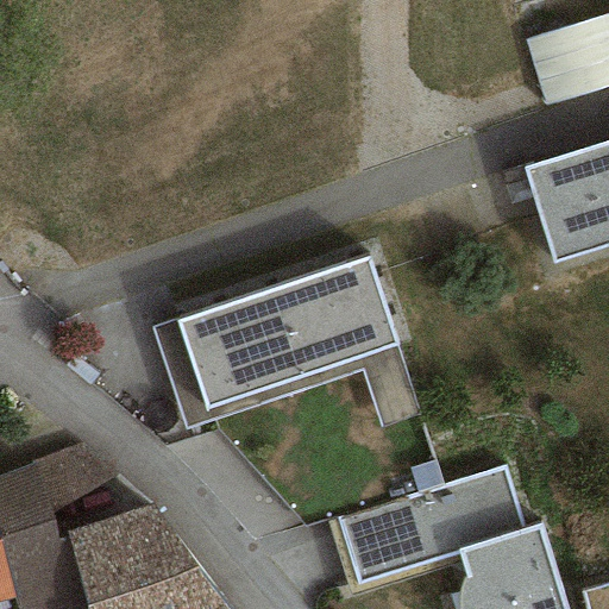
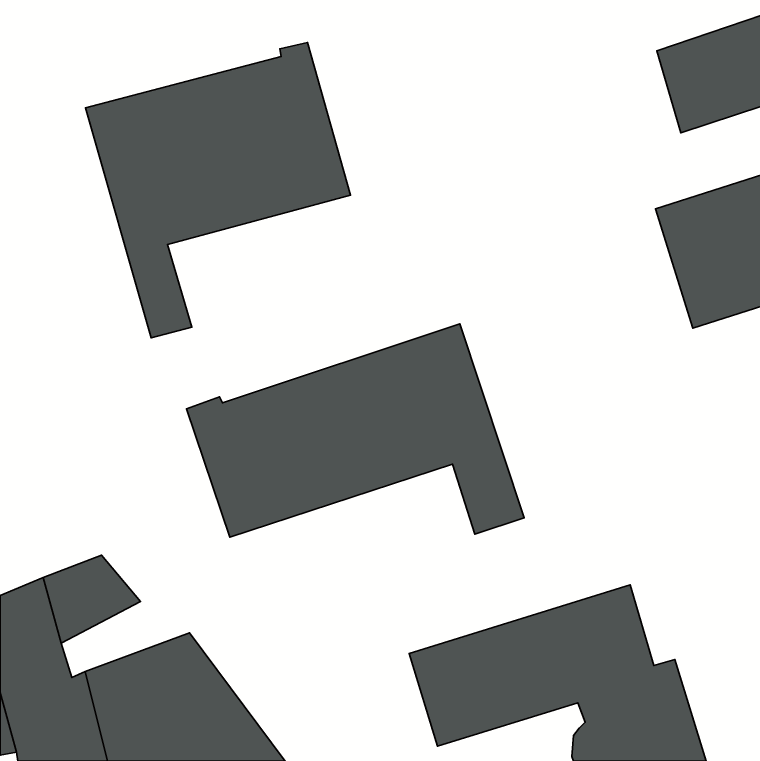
building: none -> [85,43,350,338]

